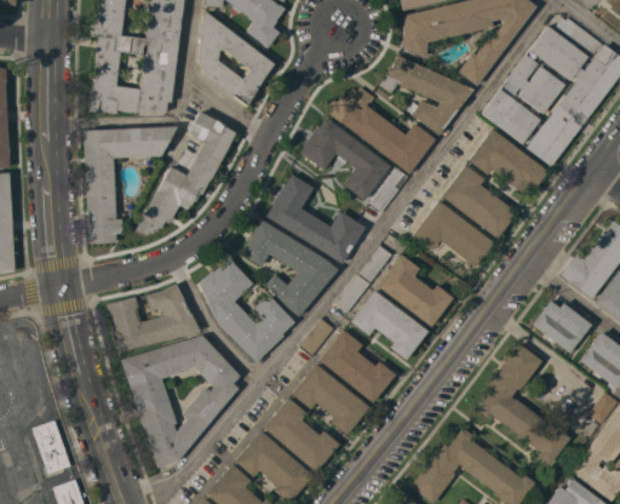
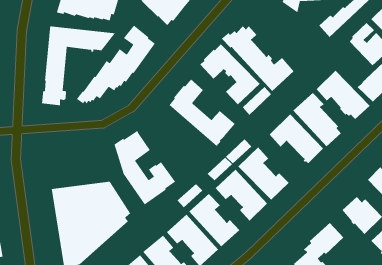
building: [379,55,472,134] -> none
building: [482,90,540,144] -> none
building: [240,219,338,316] -> none
building: [105,284,200,354] -> none

